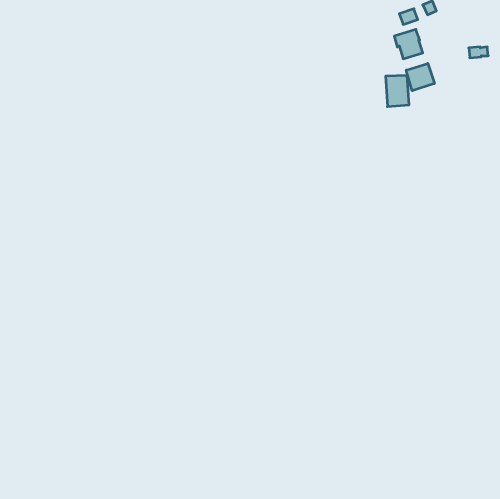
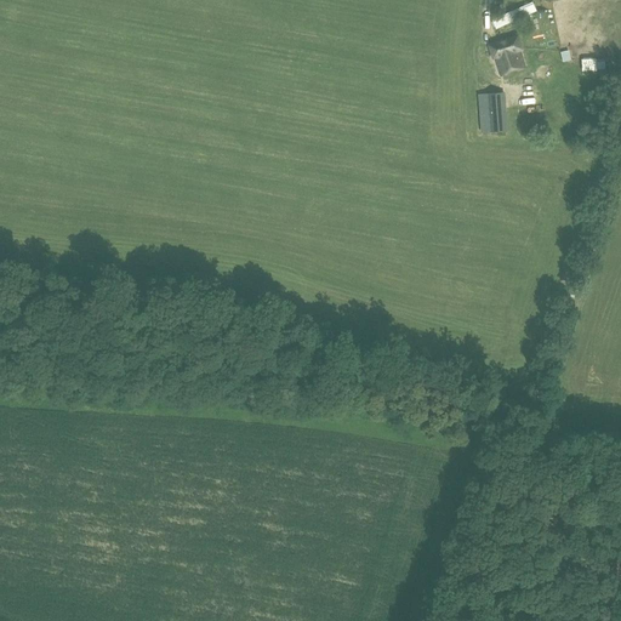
building: [406,63,434,91] -> none

